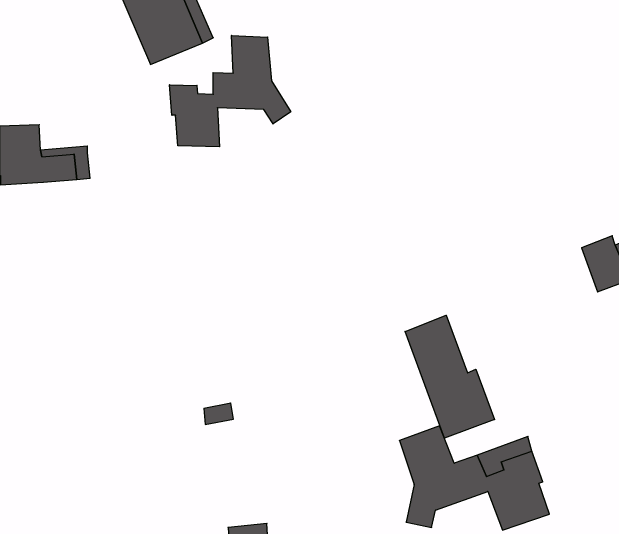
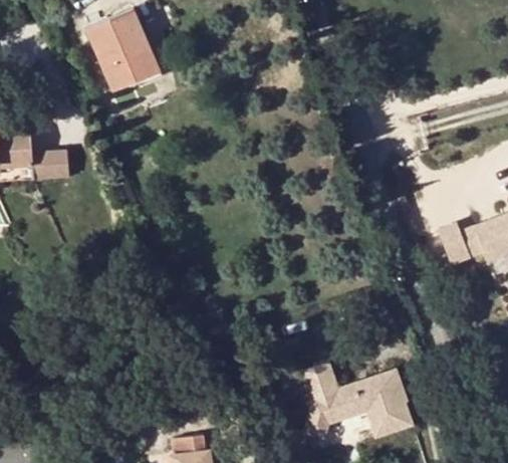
building: [170,35,291,147] -> none
building: [405,315,495,438] -> none

